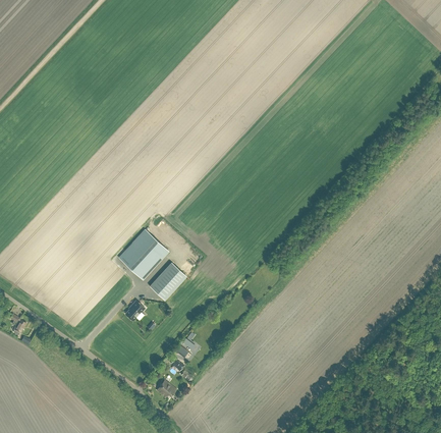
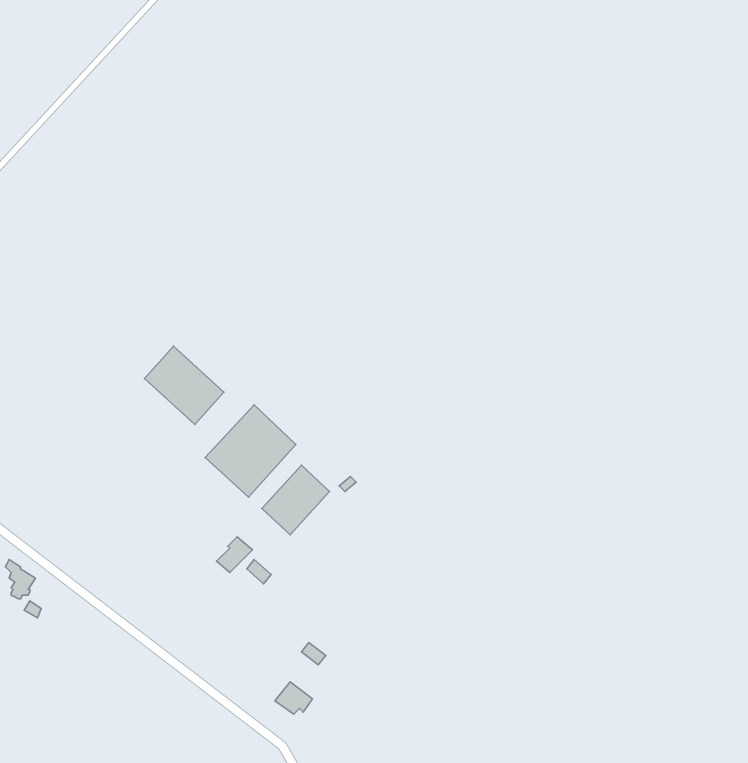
building: none -> [145,346,224,424]

